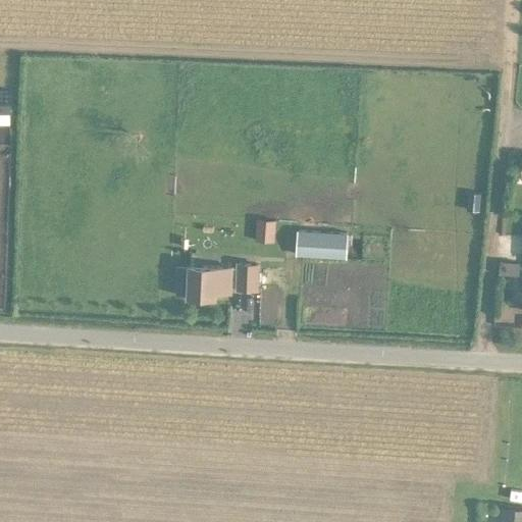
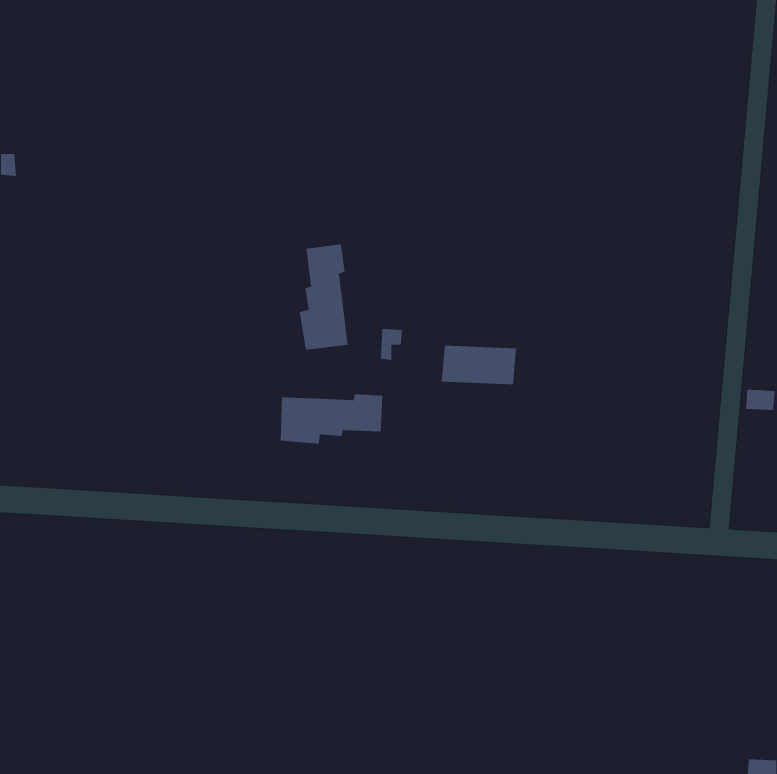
building: none -> [299,244,348,351]

